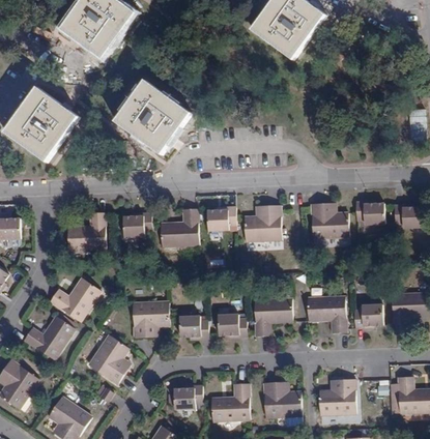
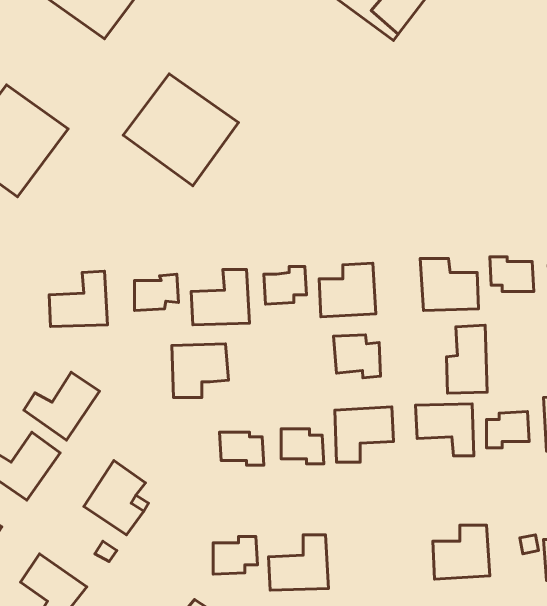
building: none -> [446,325,487,393]
building: none -> [333,335,381,378]
building: [132,302,169,338] -> [172,344,229,398]
building: [264,380,302,425] -> none

